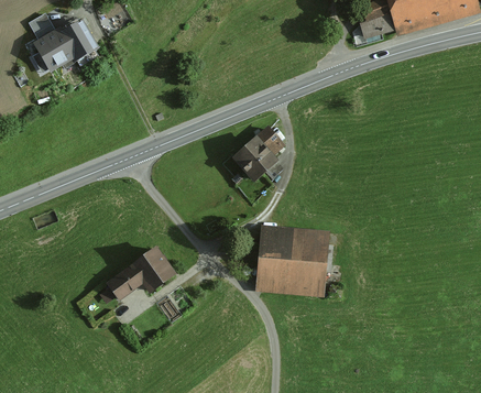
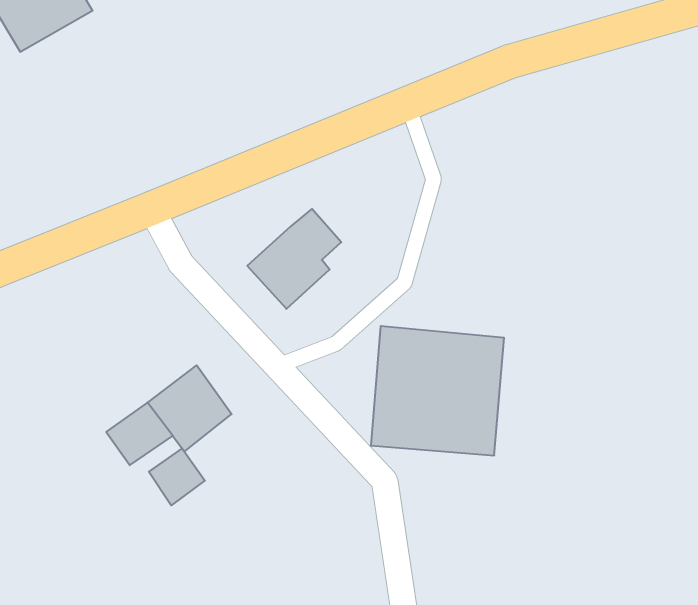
building: [231,125,284,182] -> [247,209,341,309]
building: none -> [149,448,205,505]

